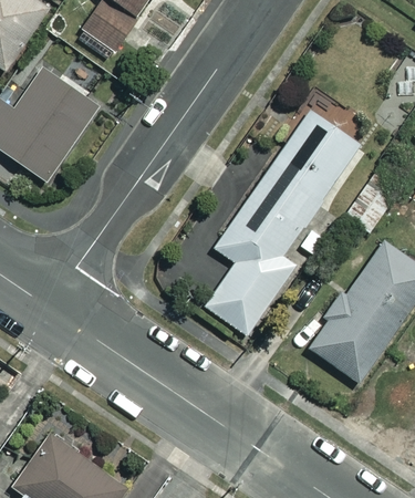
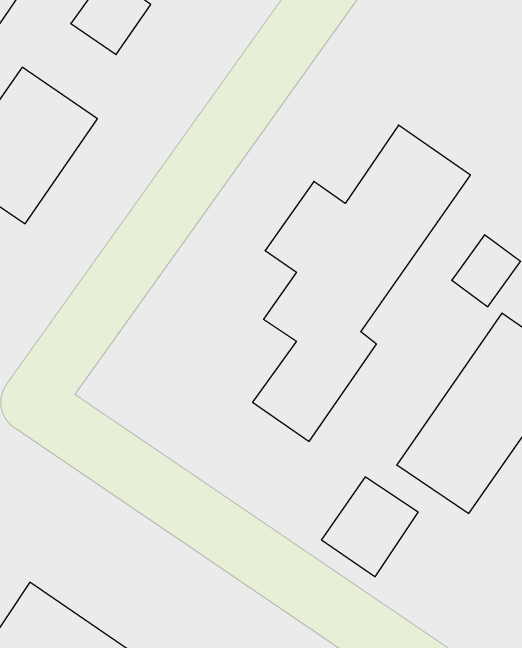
building: none -> [322,477,418,577]

